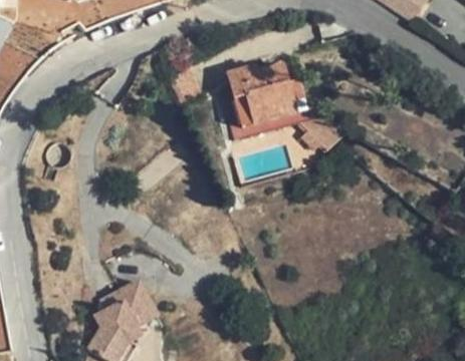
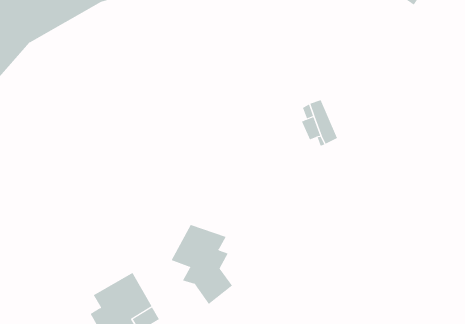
building: [221,59,293,135] -> none
building: none -> [171,224,233,305]

